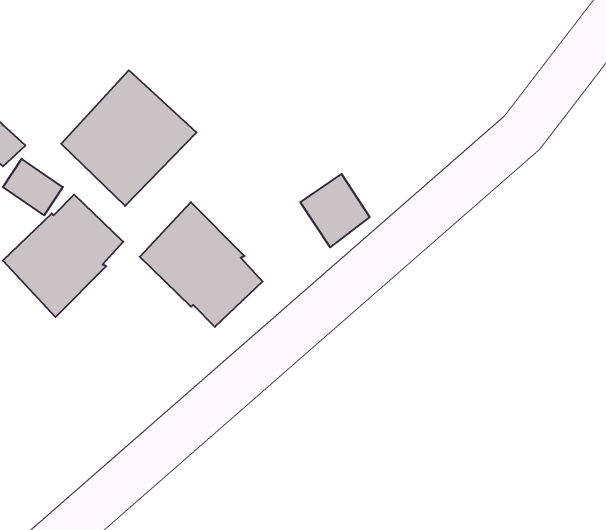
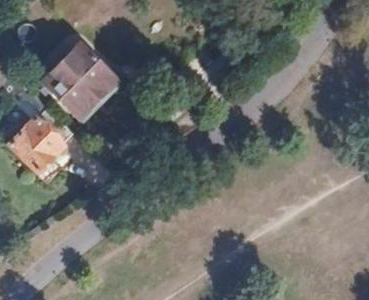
building: [140,202,263,327] -> none

